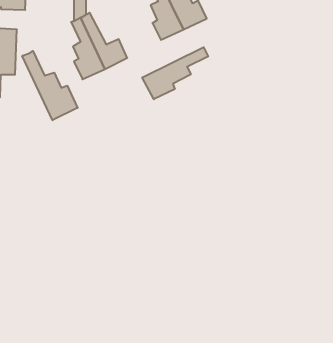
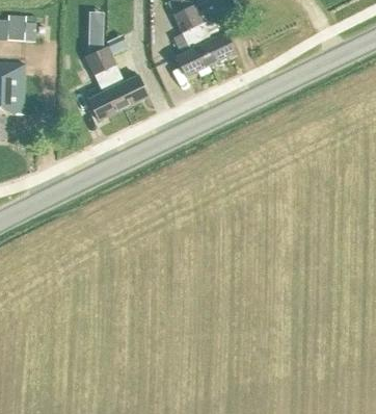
building: [142,47,208,99] -> none
building: [22,51,78,120] -> none

